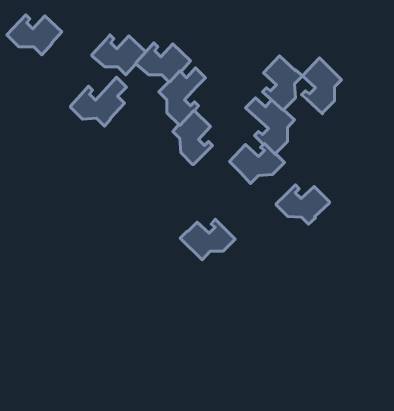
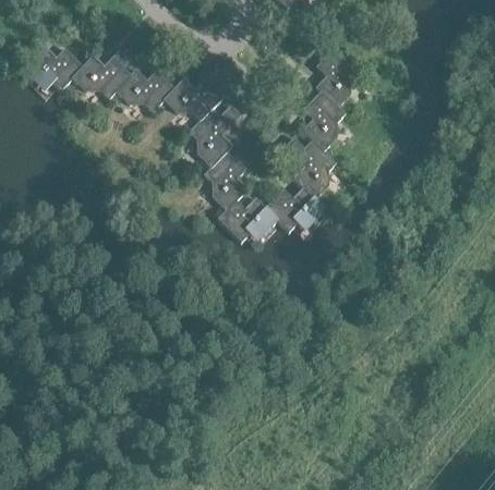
building: [301,58,341,114] -> [314,47,358,108]
building: [71,77,127,126] -> [71,46,132,99]
building: [276,185,330,224] -> none
building: [180,219,235,260] -> [217,197,277,242]

